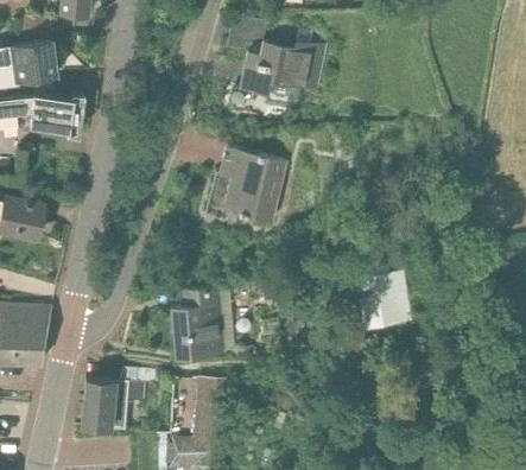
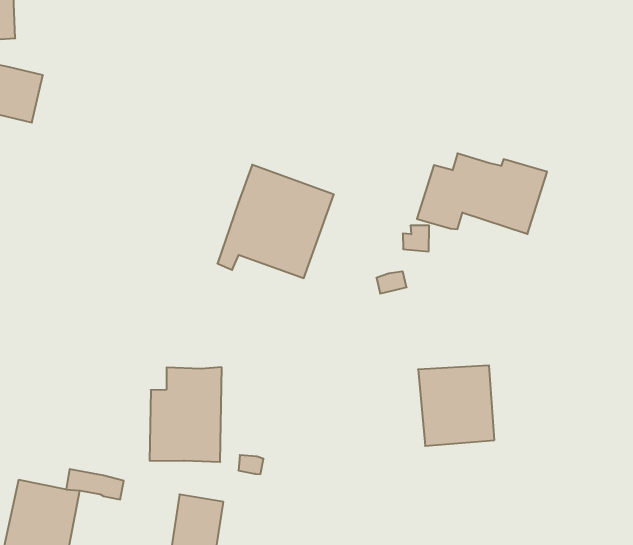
building: [240,42,327,94] -> [417,153,547,234]

